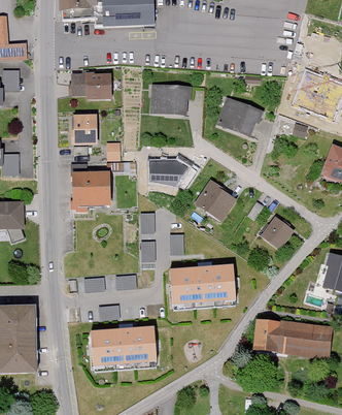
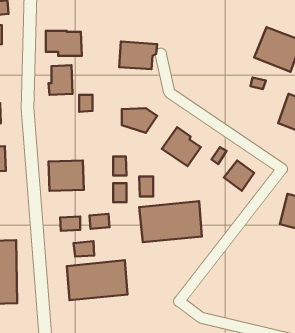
building: [214,99,261,138] -> none
building: [73,172,111,205] -> [48,160,84,191]
building: [252,319,333,359] -> none

